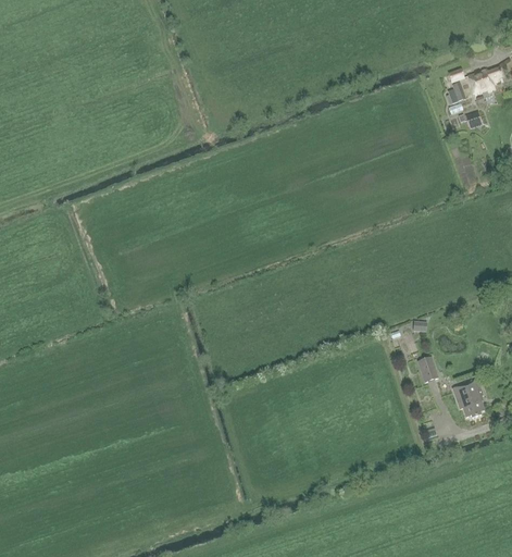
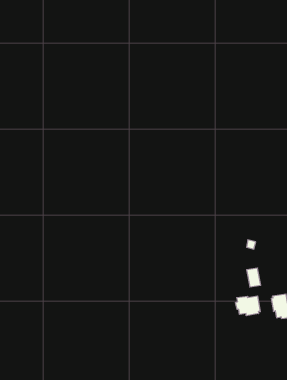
building: none -> [236,296,260,316]

